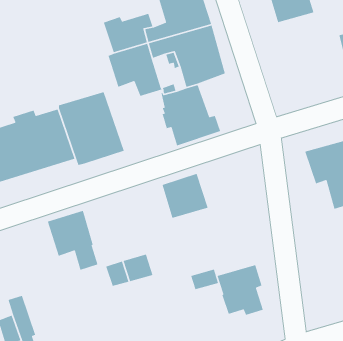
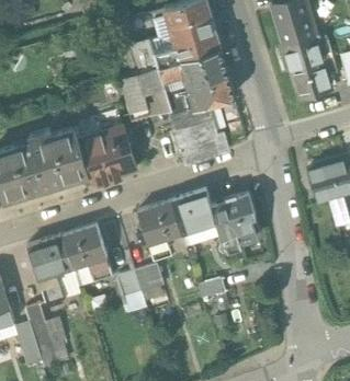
building: none -> [280,36,330,100]
building: none -> [137,200,181,262]
building: none -> [27,235,72,305]
building: [217,264,264,316] -> [211,195,256,244]

